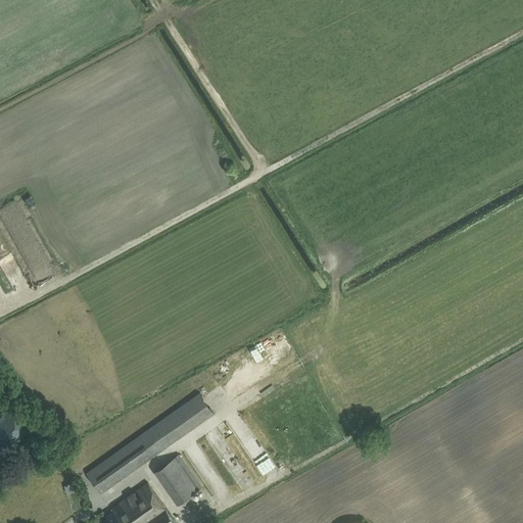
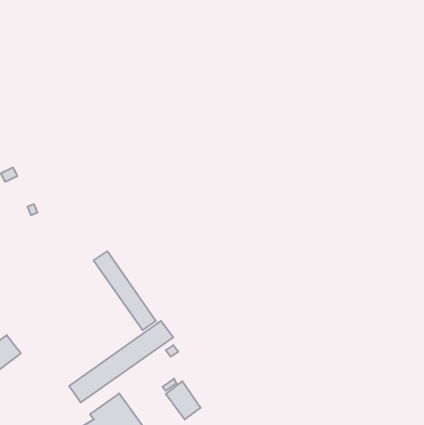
building: none -> [94,251,156,330]
building: [153,458,196,505] -> [166,381,201,420]

